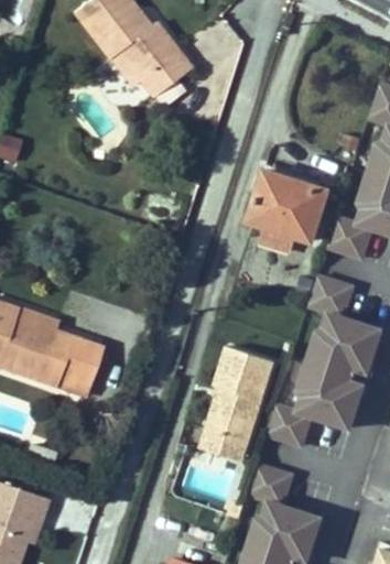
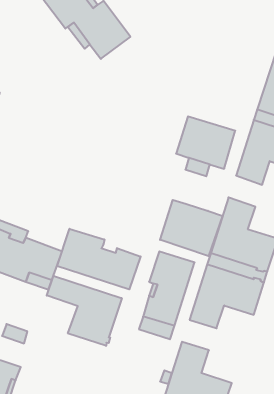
building: none -> [160,200,223,256]
building: none -> [57,229,141,289]
building: none -> [47,276,122,346]

